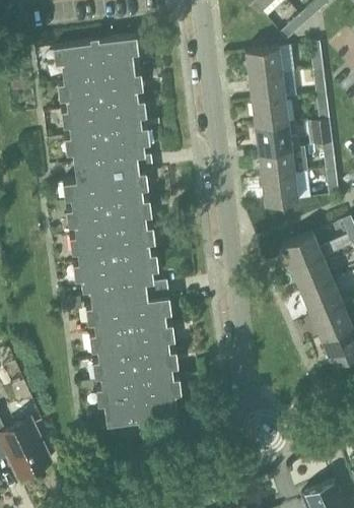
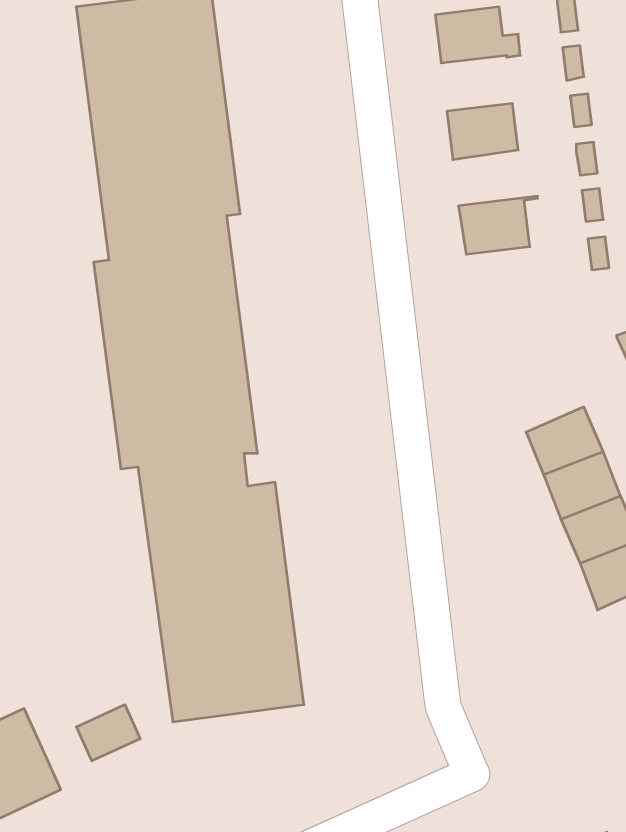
building: [250,75,287,105] -> none
building: [256,125,300,154] -> none
building: [263,176,300,205] -> none
building: [284,237,325,273] -> none
building: none -> [76,705,140,761]

